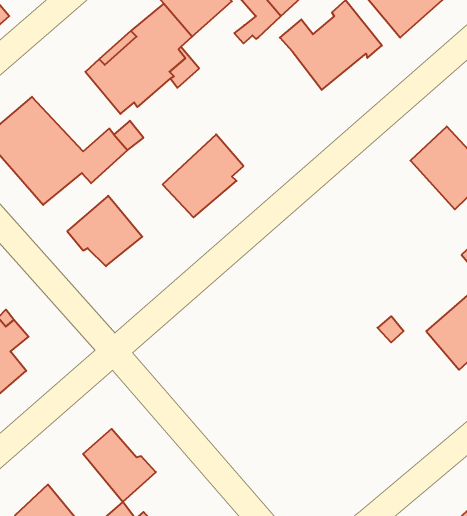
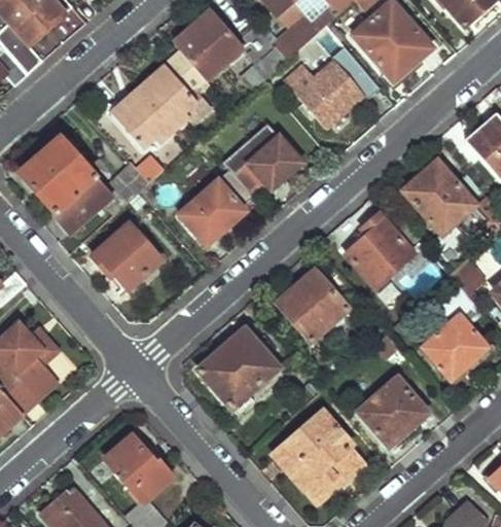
building: none -> [228,135,301,197]
building: none -> [347,215,415,288]
building: none -> [275,272,346,340]
building: none -> [202,327,281,408]
building: none -> [357,378,425,449]
building: none -> [275,412,362,502]

